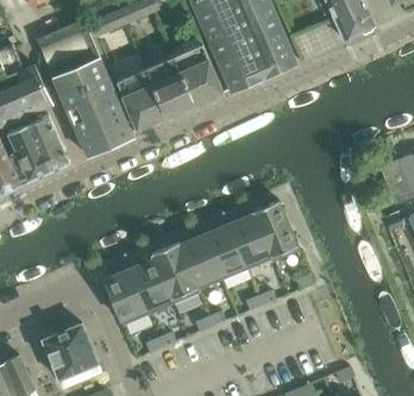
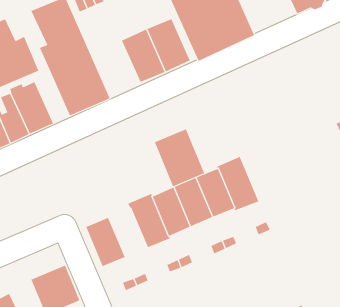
building: [115,69,165,130] -> none
building: none -> [154,128,205,187]
building: [130,258,174,314] -> none

